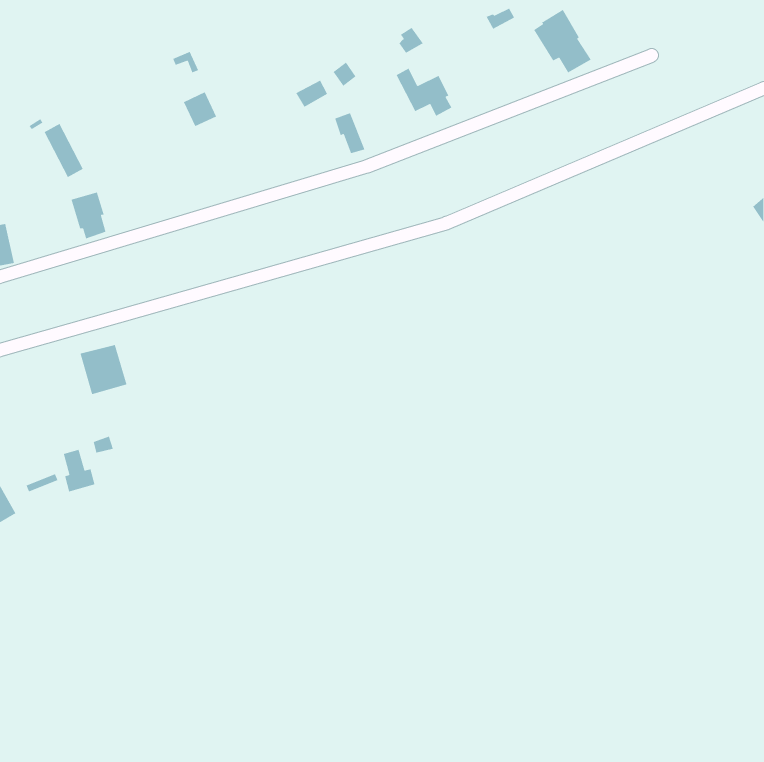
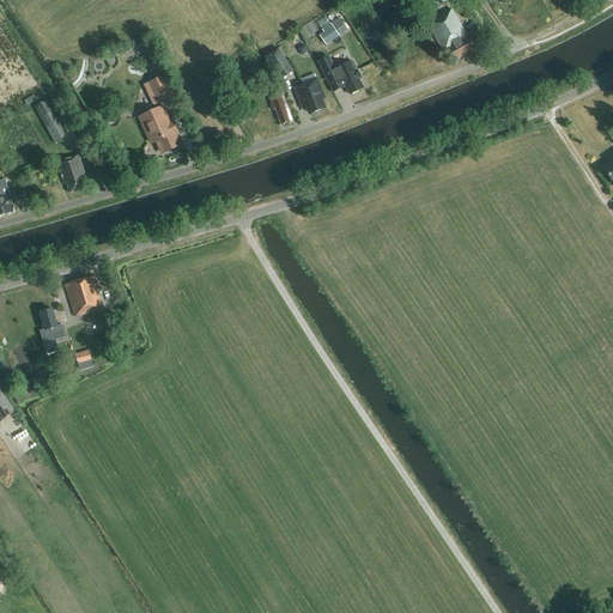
building: none -> [291,75,326,114]
building: none -> [141,107,177,151]
building: [63,449,96,492] -> [38,308,65,342]

